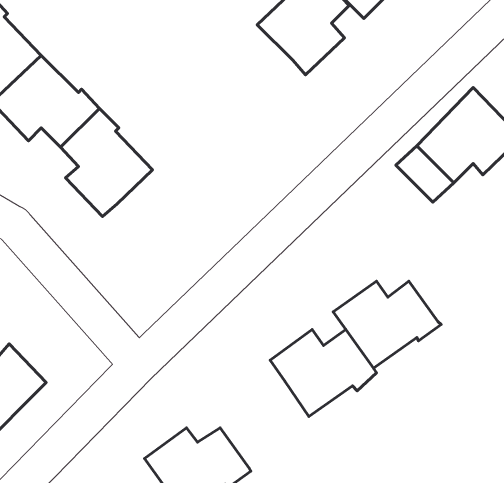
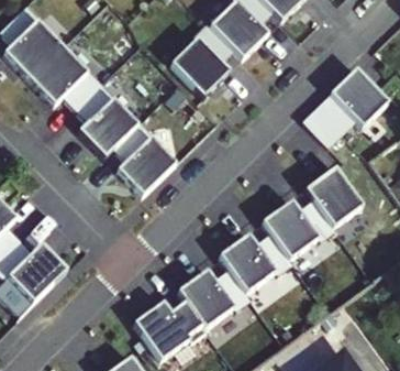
building: none -> [171,23,234,97]
building: none -> [114,122,176,196]
building: none -> [305,168,363,228]
building: none -> [177,269,249,328]

